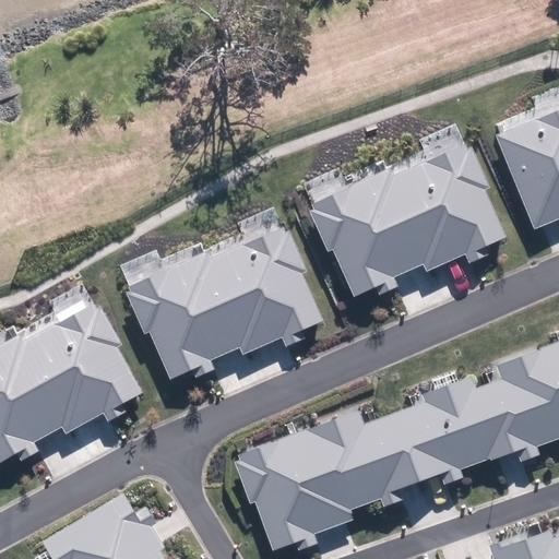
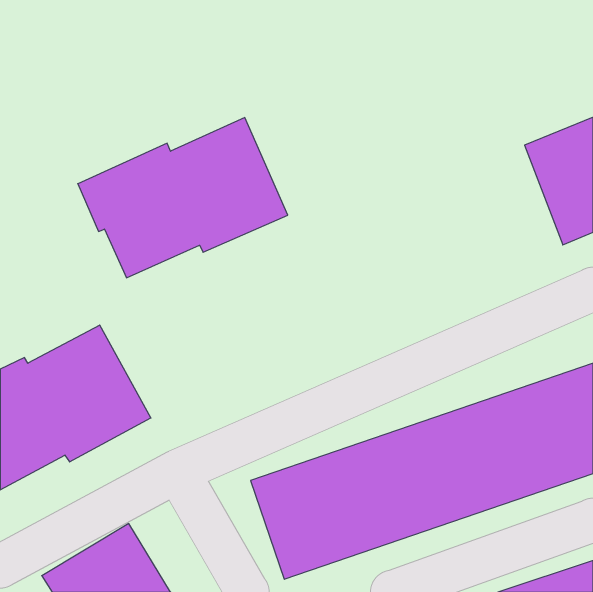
building: [307,145,504,295] -> none
building: [126,229,323,380] -> [78,118,288,278]

